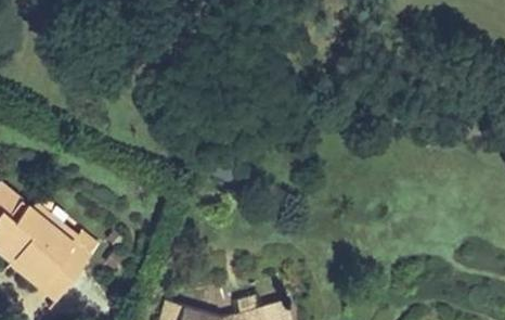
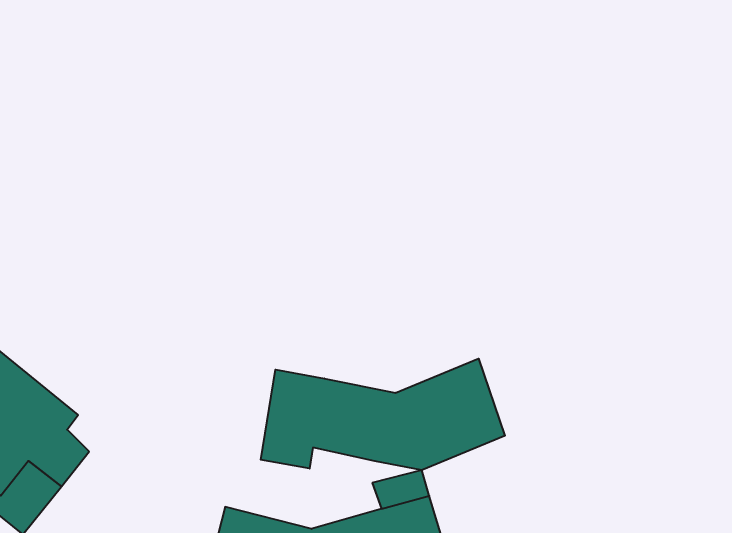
building: none -> [261,359,505,470]

